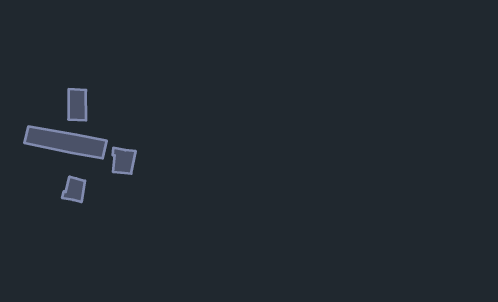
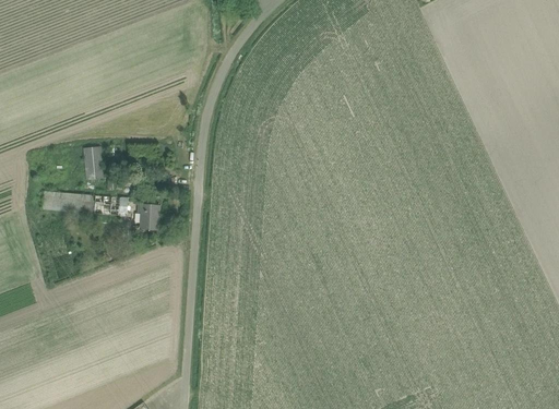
building: [62,177,85,202] -> none

